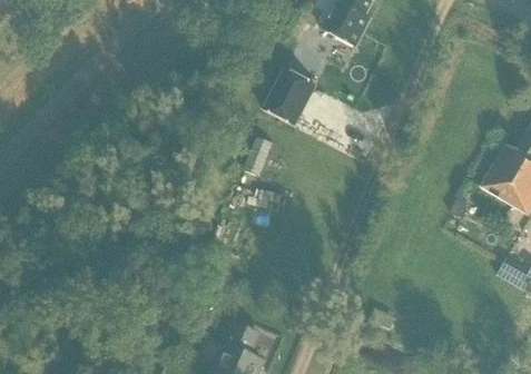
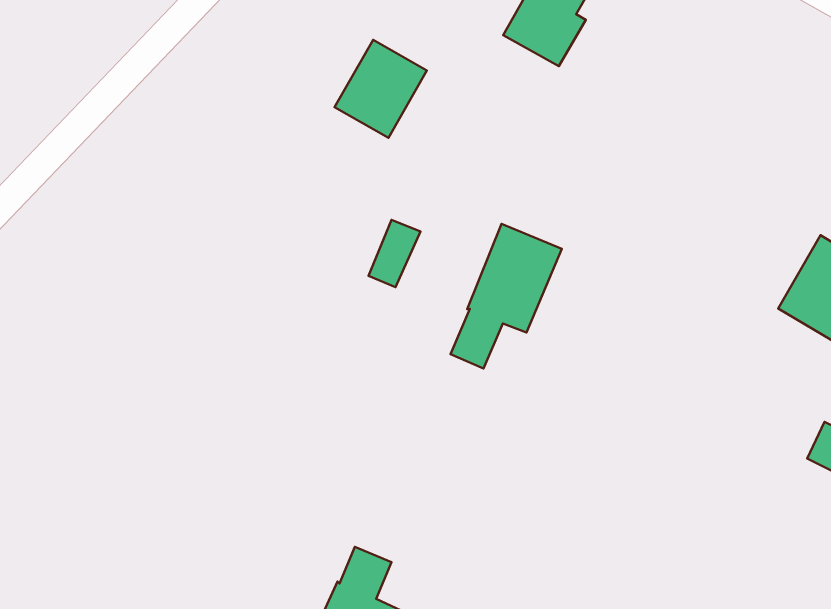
building: [262,65,315,121] -> [335,40,427,138]
building: none -> [450,224,562,369]

